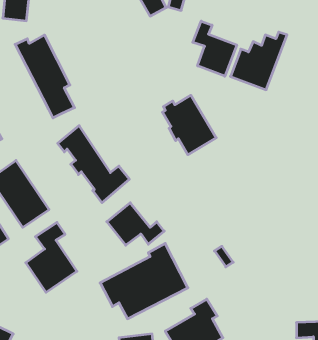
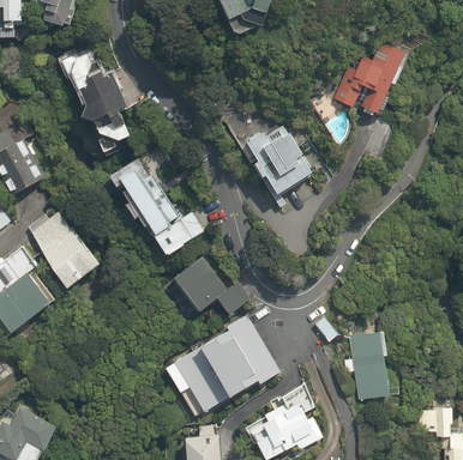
building: [193,21,237,76] -> none
building: [26,222,77,292] -> none
building: none -> [350,329,389,398]

